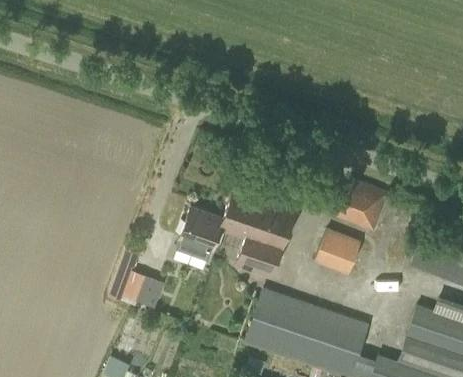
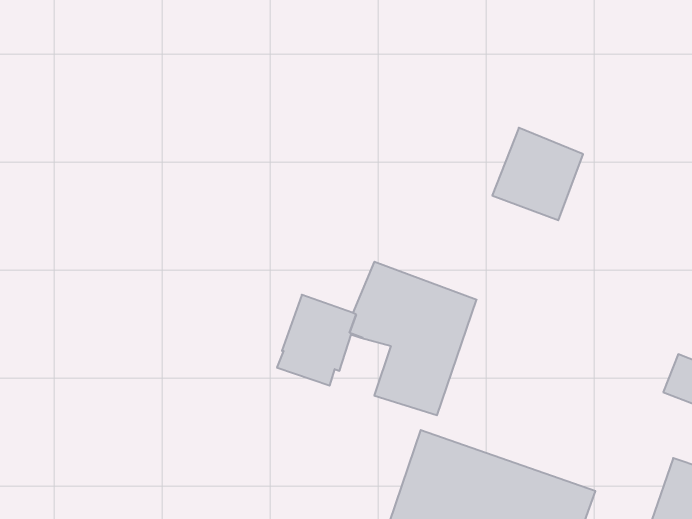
building: [335,177,390,233] -> [492,128,583,220]
building: [315,229,362,275] -> none
building: [121,271,153,304] -> none

